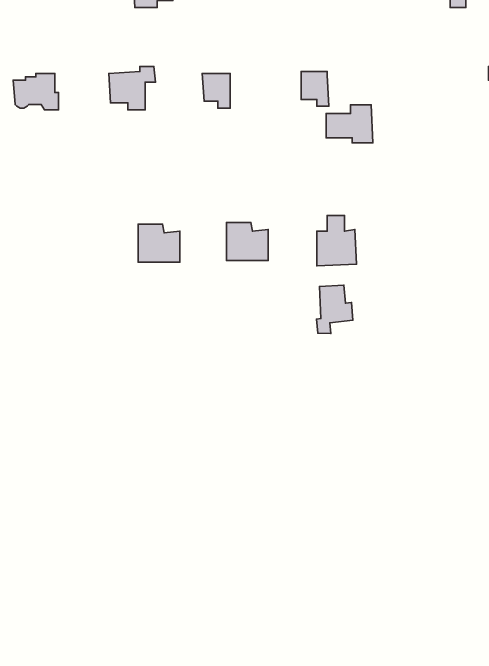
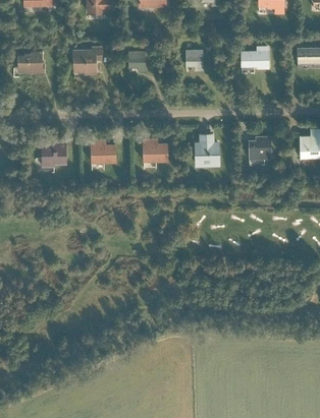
building: [326,105,373,143] -> [242,47,269,69]
building: none -> [249,137,270,160]
building: none -> [42,141,66,167]
building: [317,285,353,334] -> none

